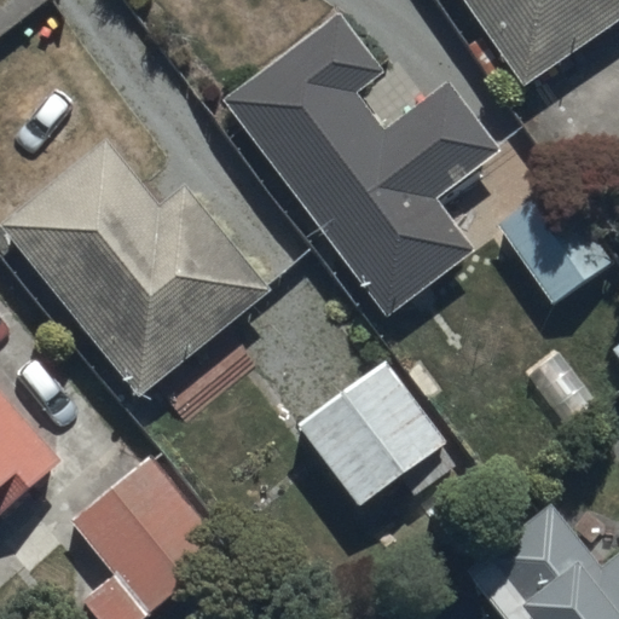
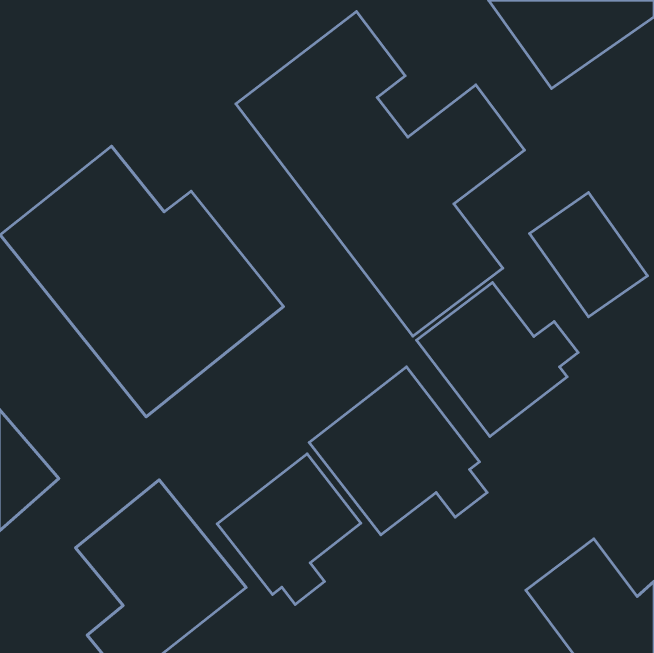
building: none -> [417,283,578,436]
building: none -> [217,454,361,605]

